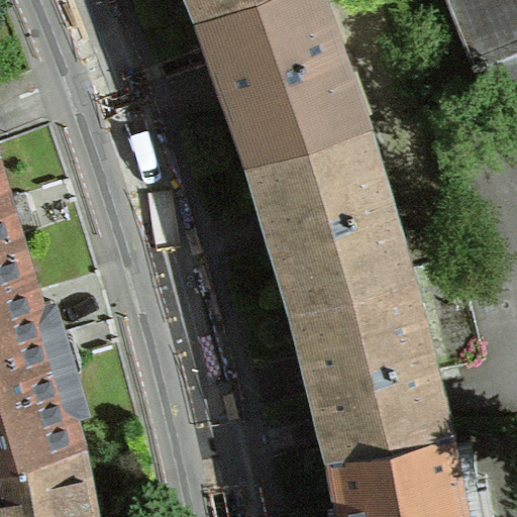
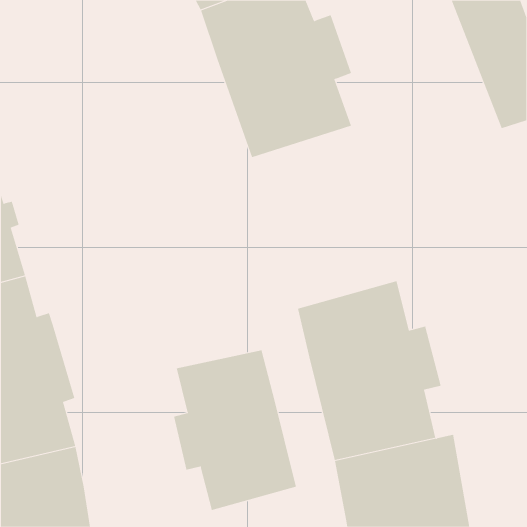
building: [246,123,392,302] -> none
building: none -> [173,349,297,511]

